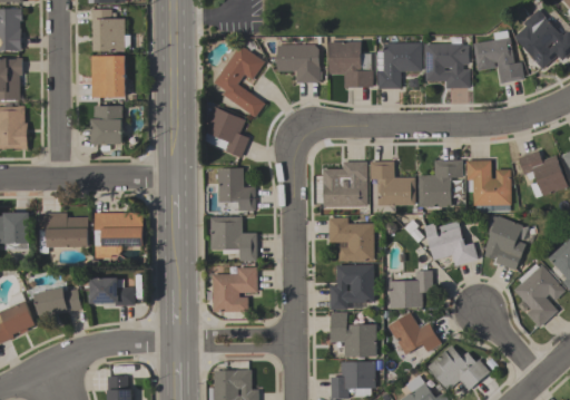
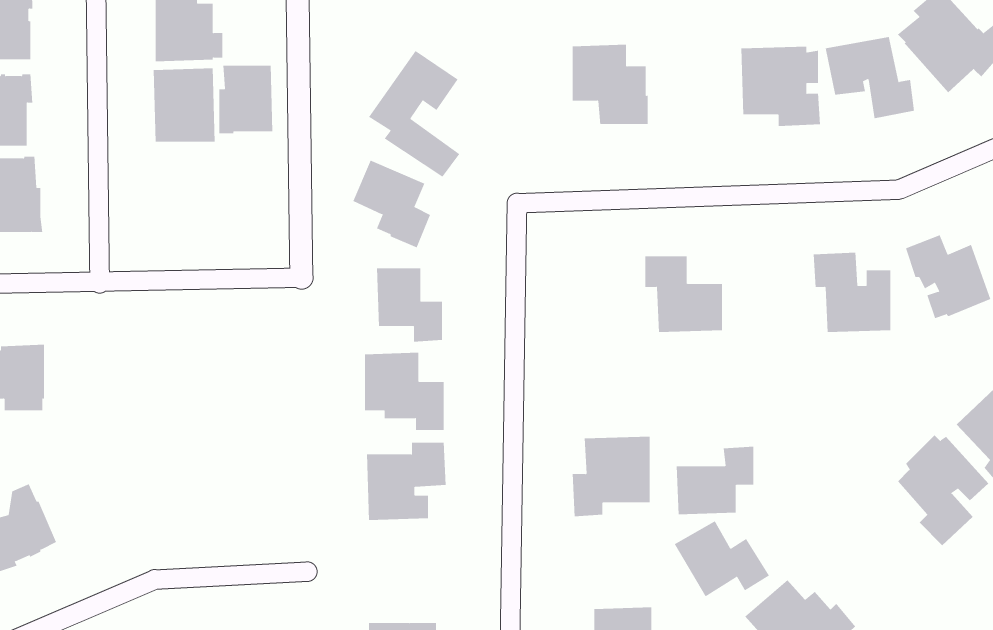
building: [376,42,422,89] -> none
building: [276,45,321,82] -> none
building: [91,106,122,145] -> [218,65,273,134]
building: [417,160,462,207] -> none
building: [322,162,367,207] -> none
building: [95,212,144,257] -> none
building: [38,213,89,253] -> none
building: [483,214,524,270] -> none
building: [328,217,373,261] -> none
building: [423,221,478,266] -> none
building: [89,277,135,305] -> none
building: [35,286,81,318] -> none
building: [330,312,375,357] -> none

